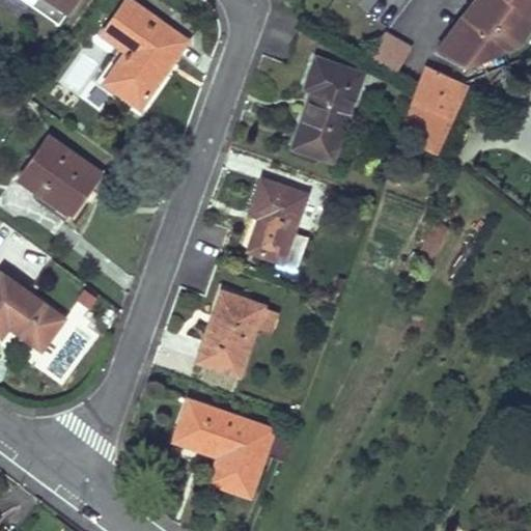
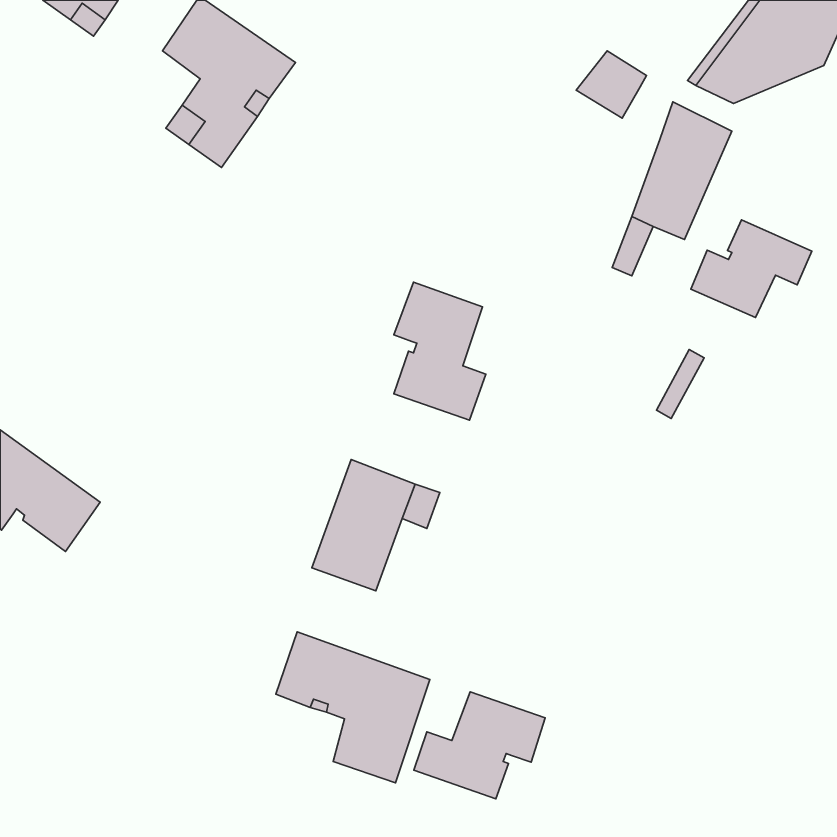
building: [290,57,366,162] -> none
building: [19,137,101,215] -> none
building: none -> [691,220,812,317]
building: none -> [414,692,545,799]

